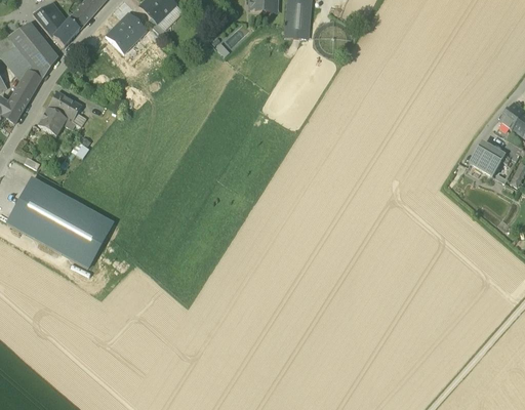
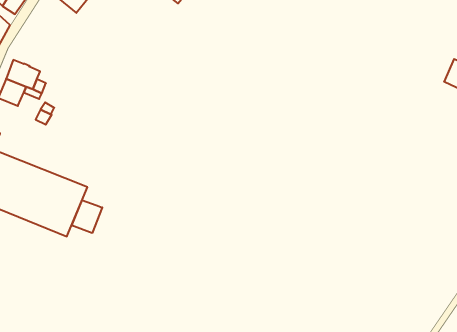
building: none -> [72,200,102,233]

